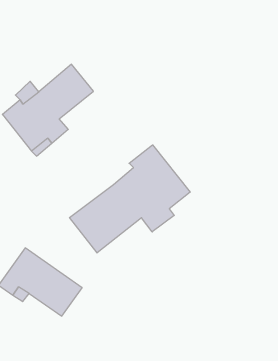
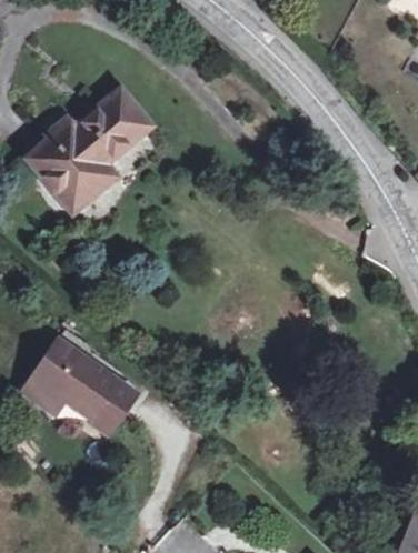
building: [70,145,190,253] -> none

